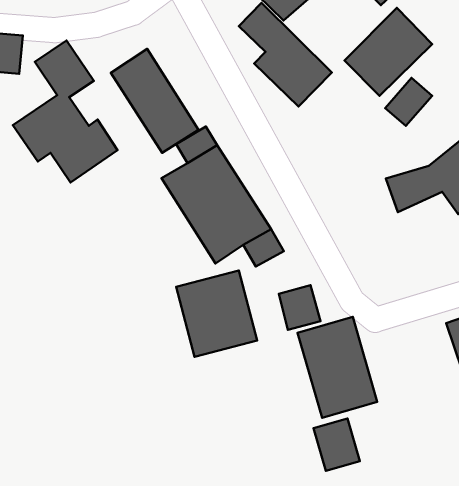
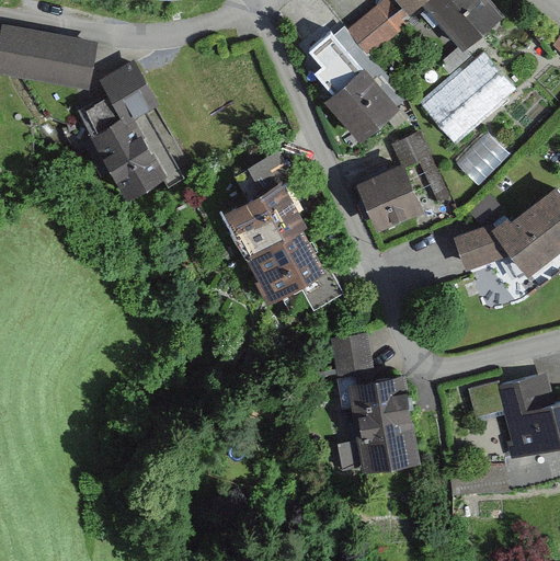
building: [111,49,198,153] -> none
building: none -> [361,133,445,225]
building: [176,271,257,357] -> none
building: [314,419,360,471] -> none

